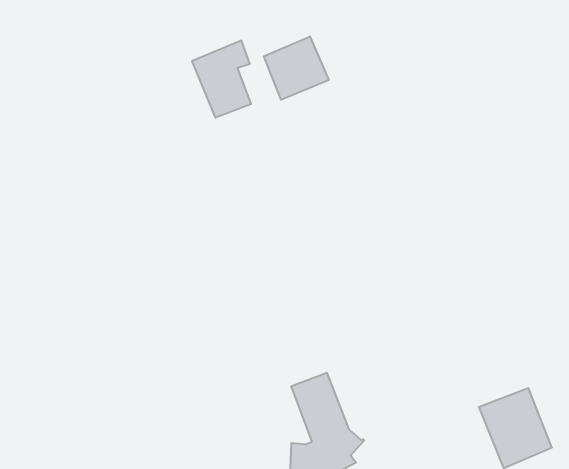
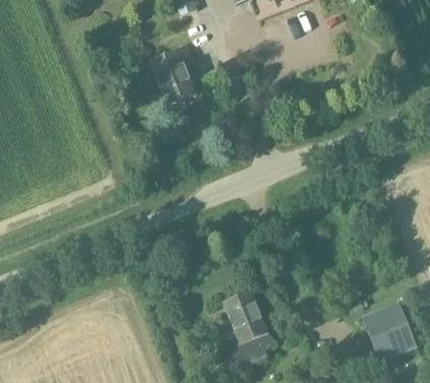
building: [264,36,329,100] -> none

